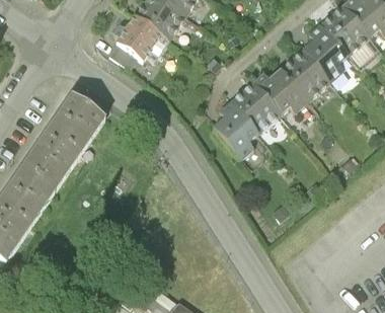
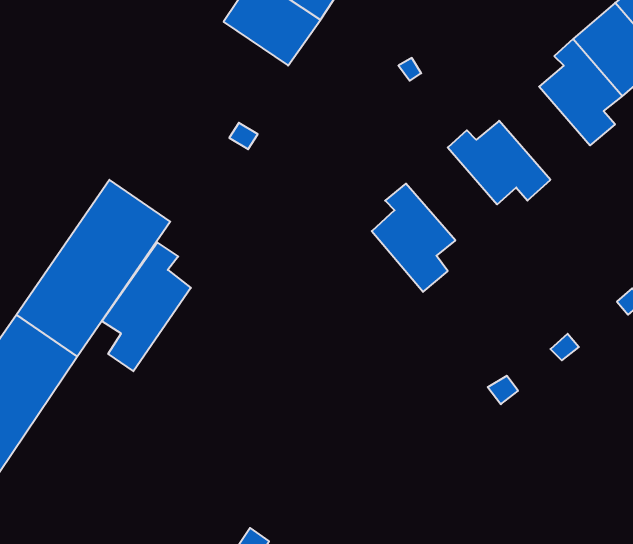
building: [115,16,167,61] -> none
building: [280,51,328,100] -> none
building: [230,83,279,133] -> none
building: none -> [102,242,191,371]

